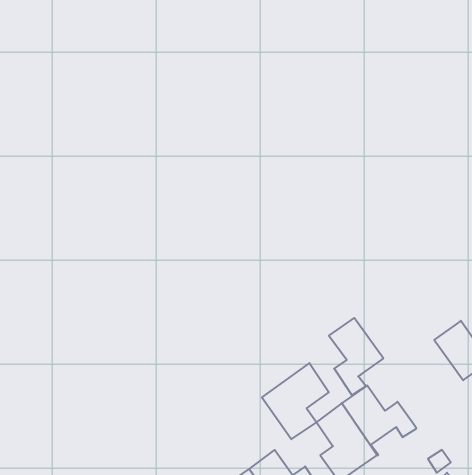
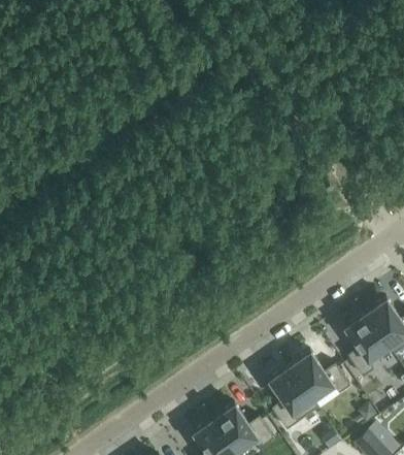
building: [329,318,383,395] -> [344,315,389,378]
building: [262,363,329,439] -> none

